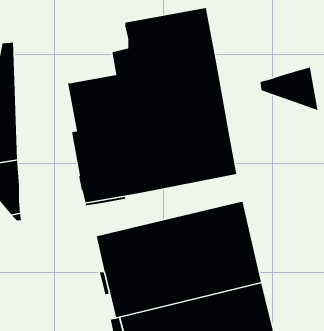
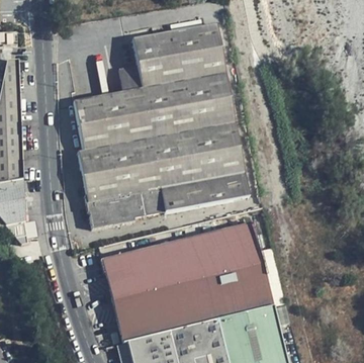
building: [259,67,319,111] -> none

